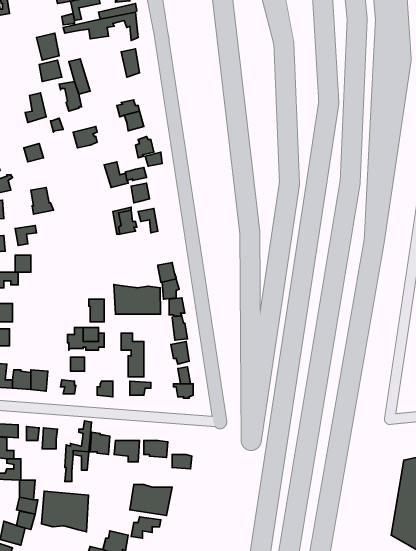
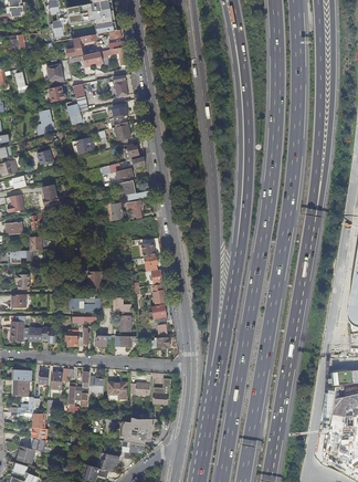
building: [114,285,160,314] -> none
building: [42,491,88,532] -> none

